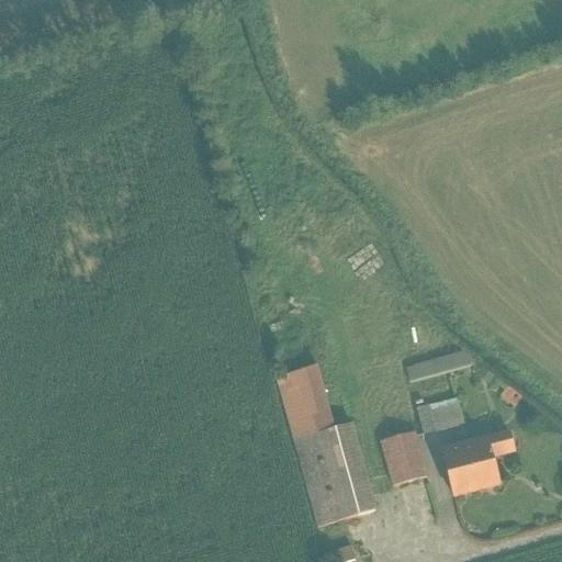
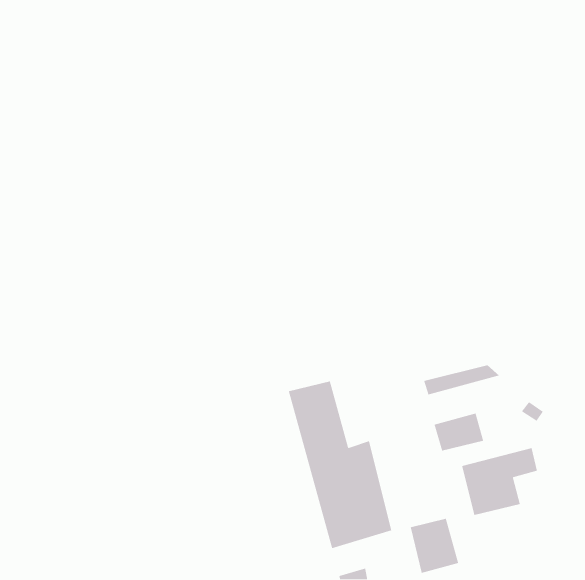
building: [381,430,428,484] -> [410,518,459,574]

